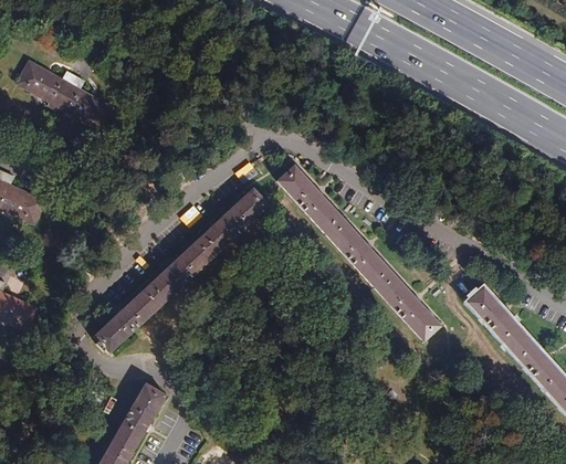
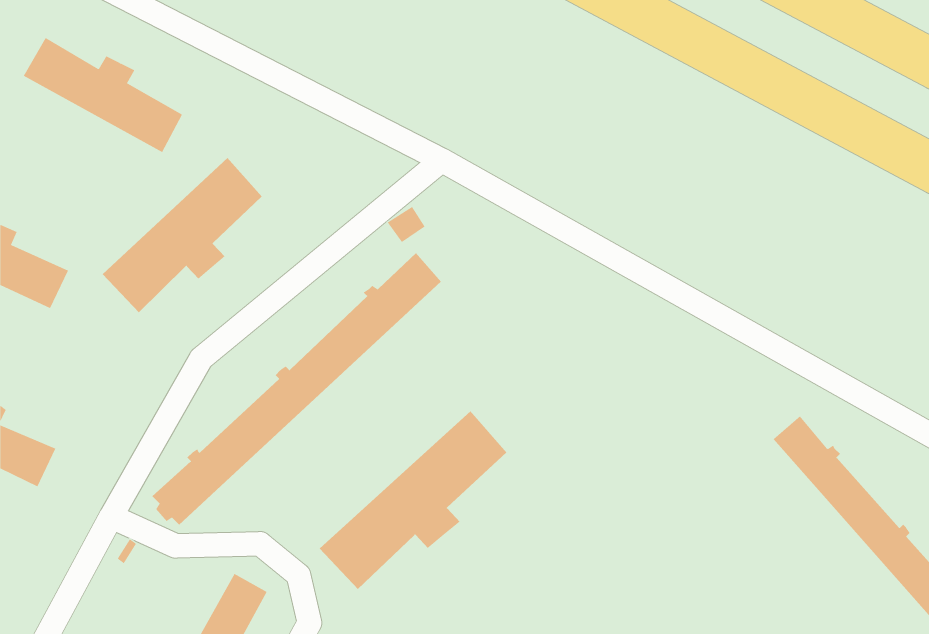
building: none -> [102,157,263,313]
building: [277,165,441,341] -> none
building: none -> [319,411,507,590]

